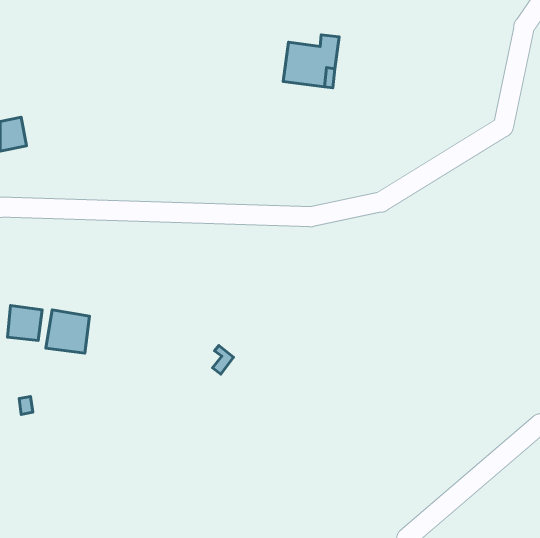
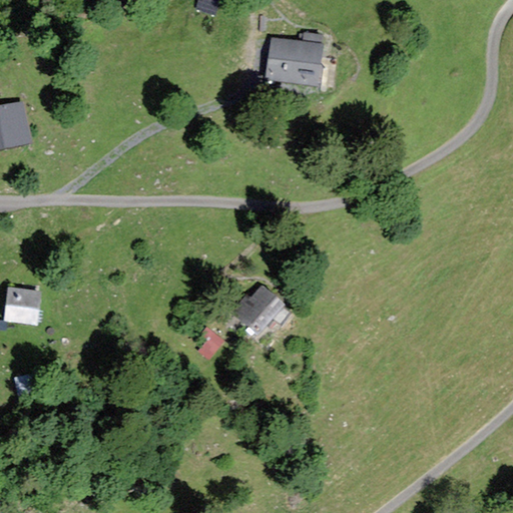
building: none -> [233,288,292,334]
building: [46,310,90,353] -> none

